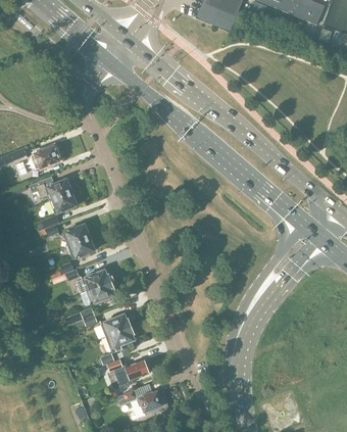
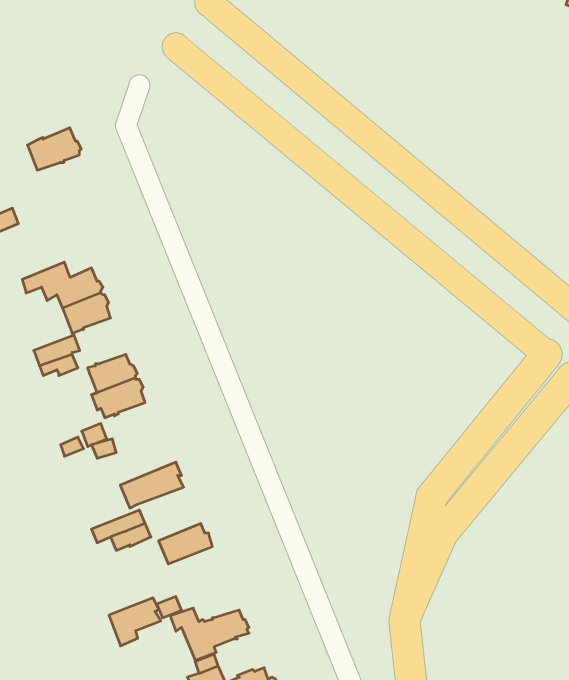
building: [32,145,60,167] -> [27,128,81,170]
building: [77,270,111,293] -> none
building: [107,326,135,351] -> [109,598,161,646]

